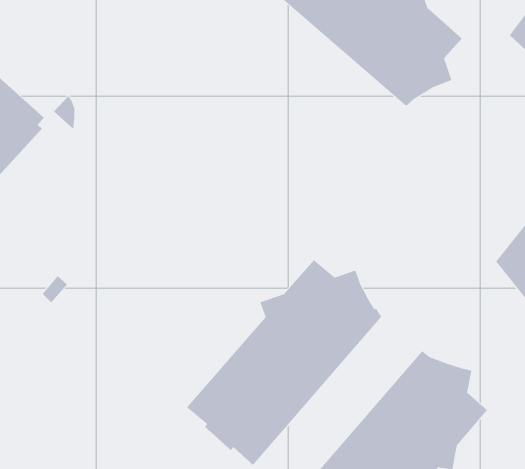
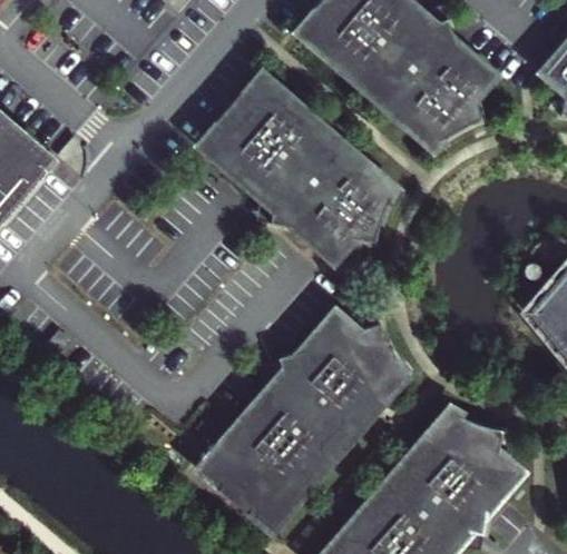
building: none -> [201,75,397,261]

